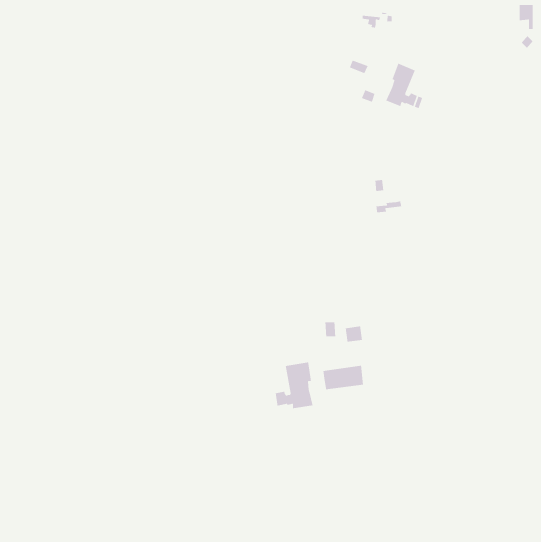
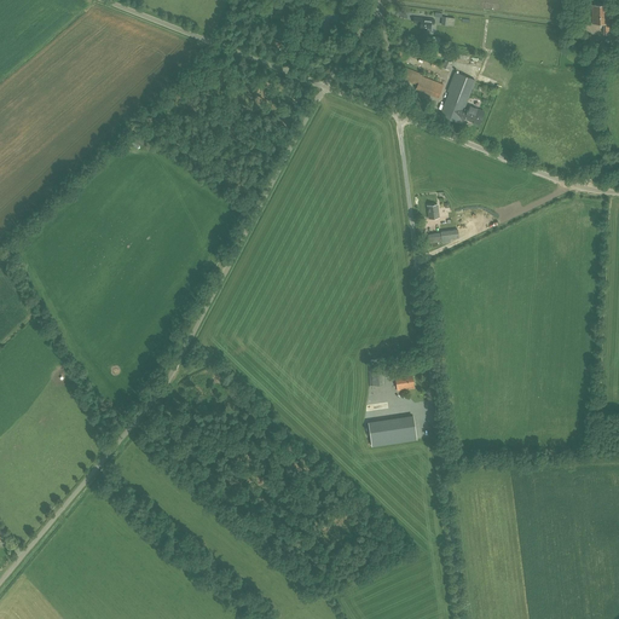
building: [275,361,313,409] -> none

